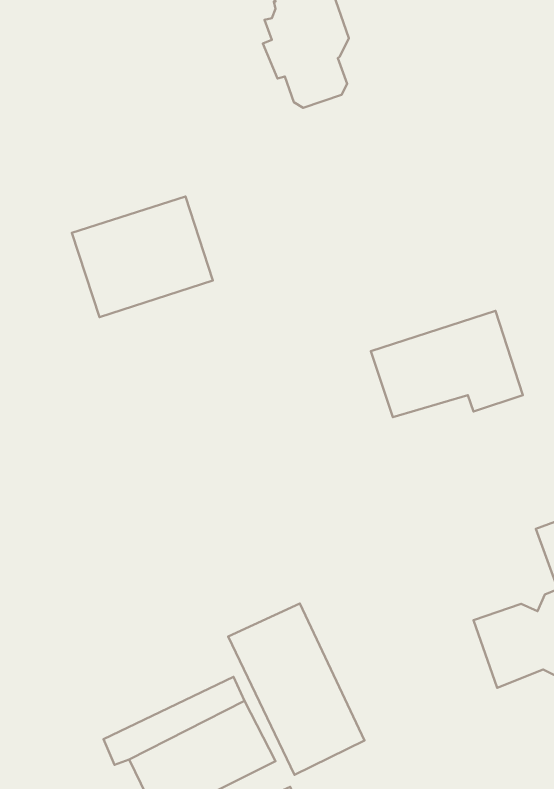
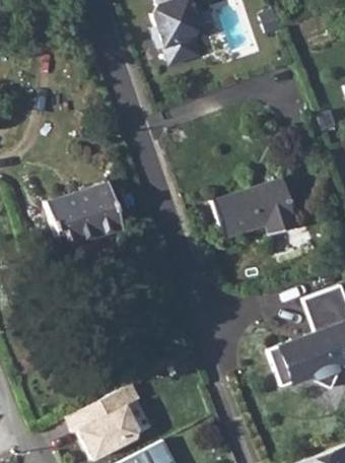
building: [72,196,213,317] -> [44,181,122,248]
building: [228,603,364,775] -> none

